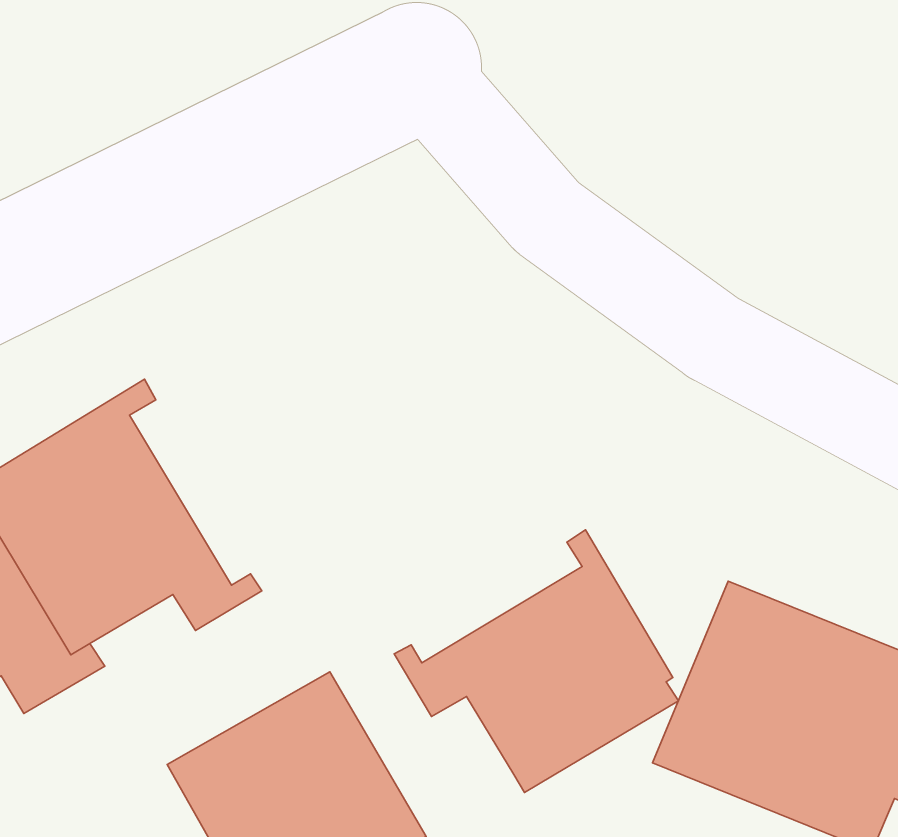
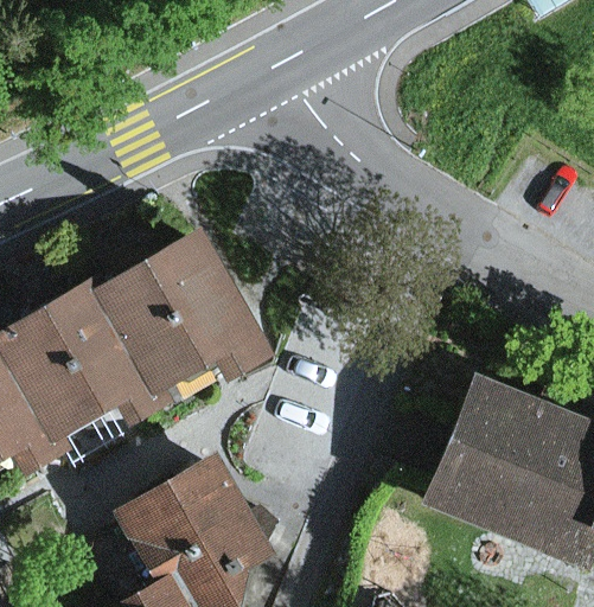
building: none -> [91,225,277,397]
building: [394,530,678,792] -> none

